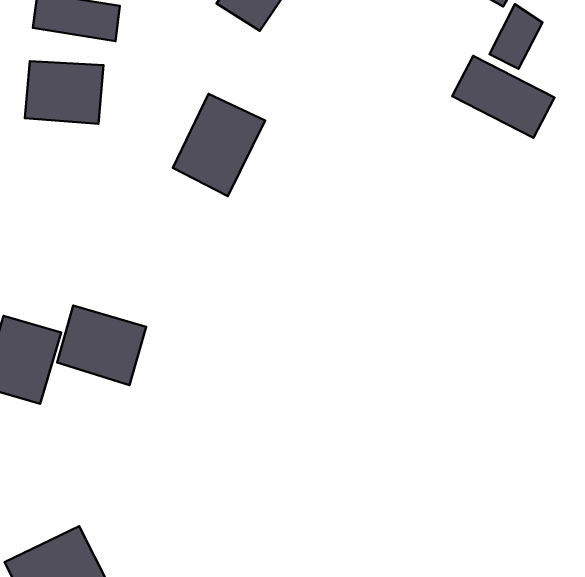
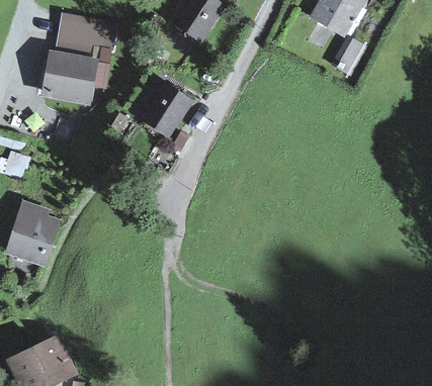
building: [452,56,554,138] -> none
building: [57,306,146,385] -> none

